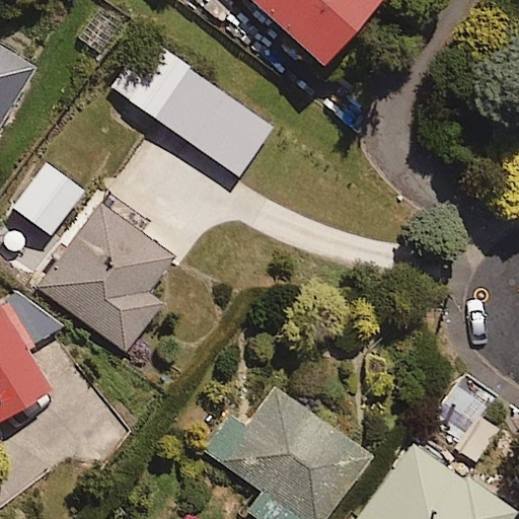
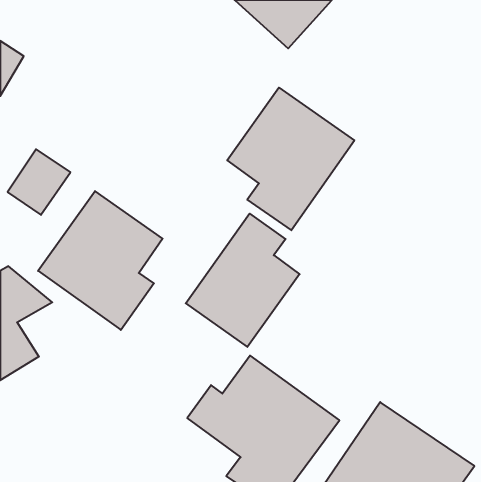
building: [122,46,271,175] -> none
building: none -> [227,88,354,230]
building: none -> [186,214,300,347]

